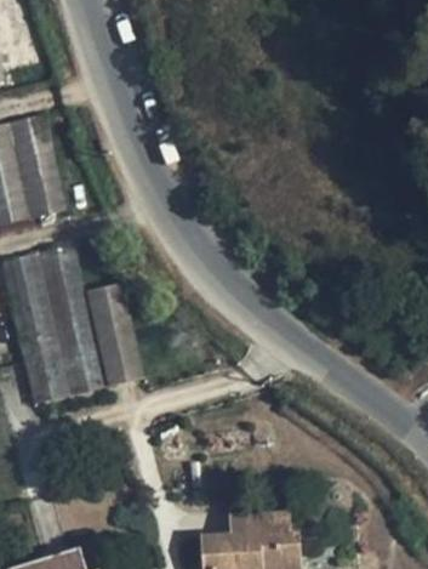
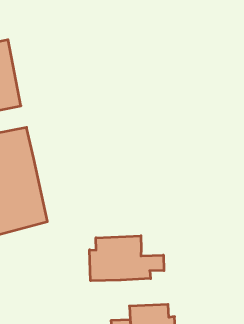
building: [85,283,144,387] -> none
building: none -> [90,236,164,281]

